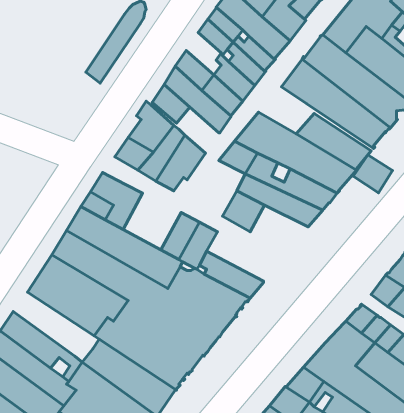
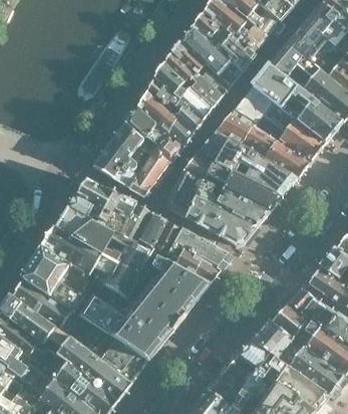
building: none -> [155,63,185,98]
building: none -> [216,108,262,148]
building: none -> [147,126,183,162]
building: [353,155,393,193] -> none
building: none -> [168,170,205,216]
building: none -> [103,197,151,244]
building: none -> [209,207,257,244]
building: none -> [172,229,229,270]
building: none -> [12,279,83,333]

